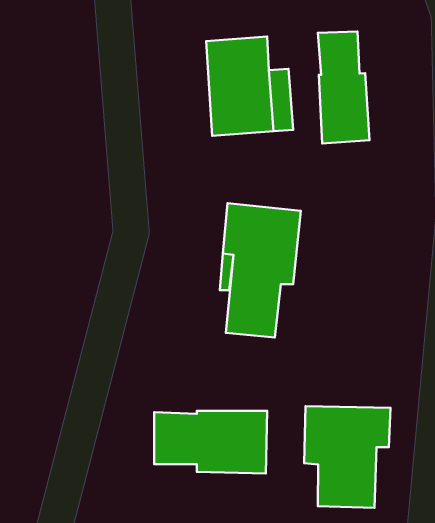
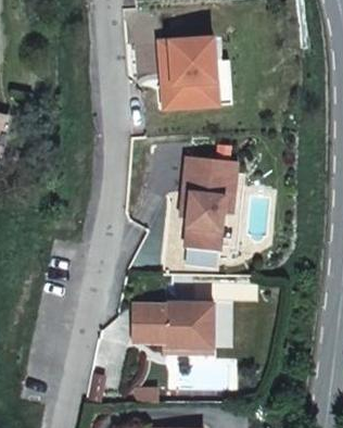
building: [318,32,370,143] -> none
building: [304,406,391,508] -> none

